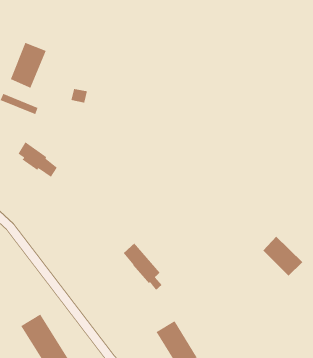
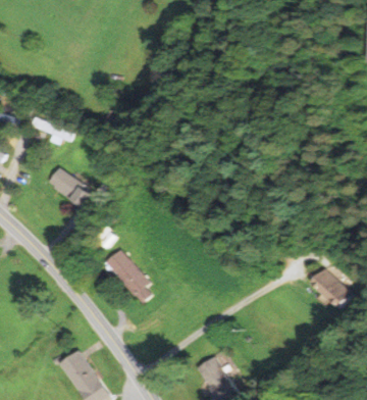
building: [10,42,47,89] -> none
building: [123,242,162,291] -> [107,250,149,301]

